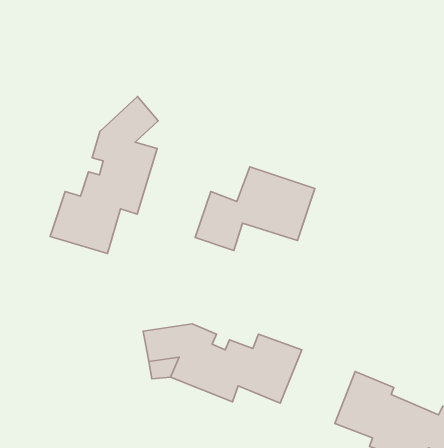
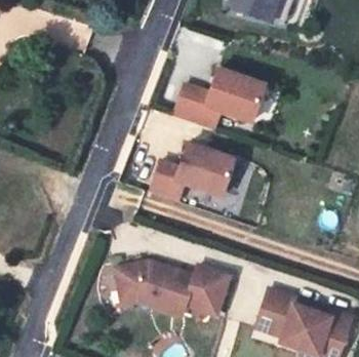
building: none -> [174,70,265,131]
building: [50,96,158,254] -> none

